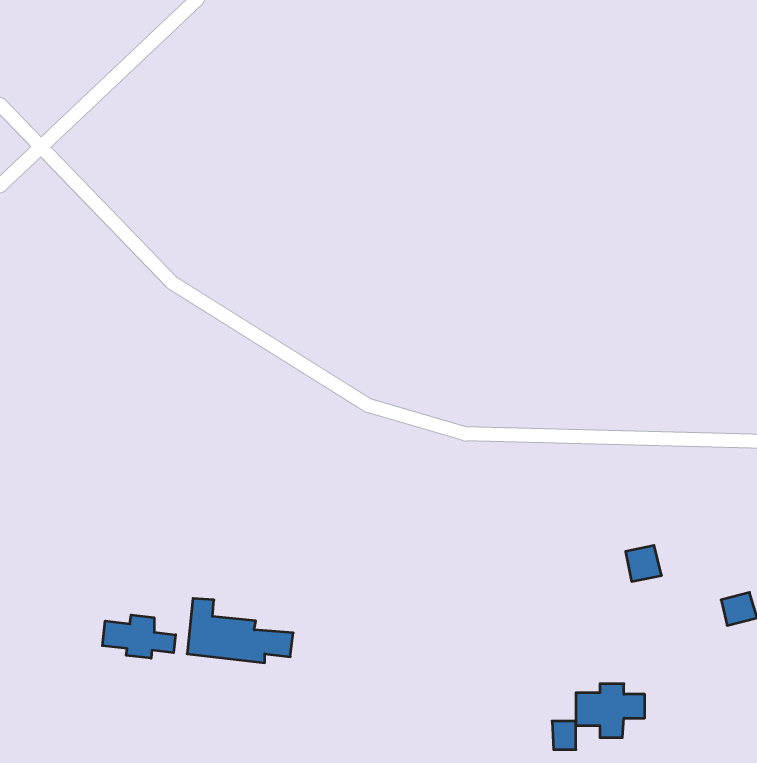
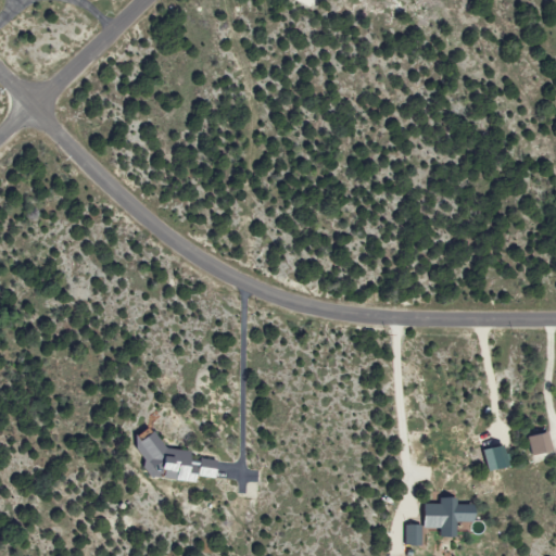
building: [626,545,662,581] -> [483,443,509,469]
building: [102,615,176,658] -> none

